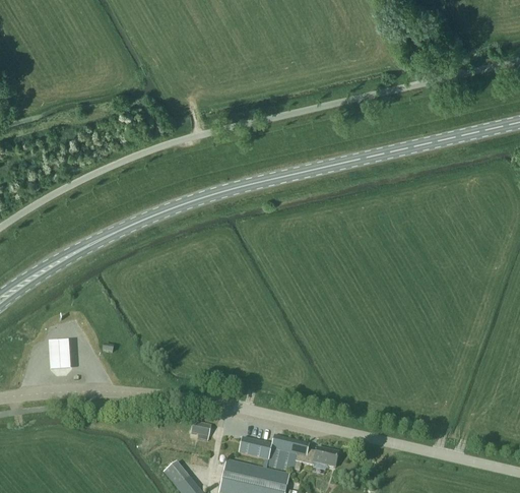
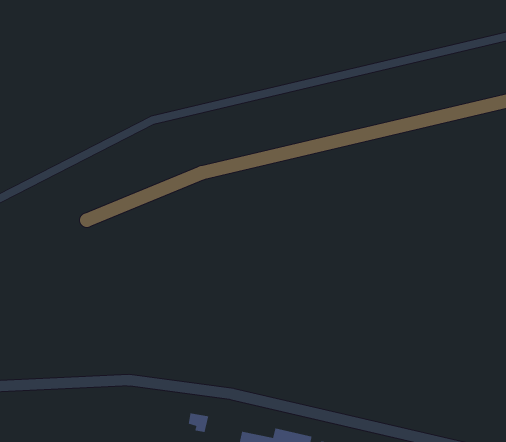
building: [48,337,69,367] -> none

